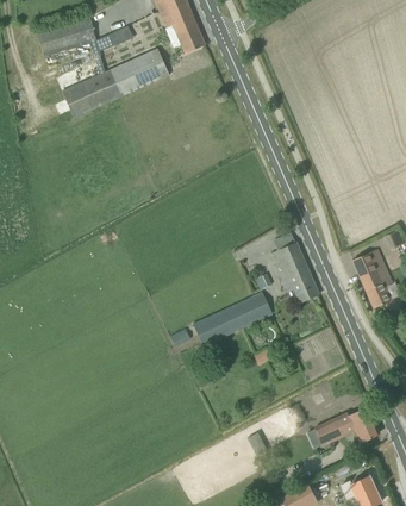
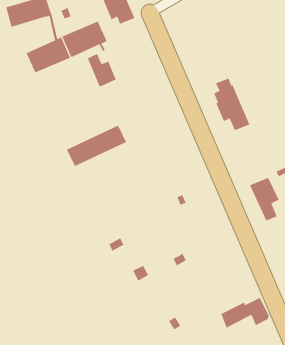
building: none -> [87,53,116,87]
building: [271,232,319,301] -> [213,78,250,131]
building: [194,291,273,345] -> [66,125,127,167]

